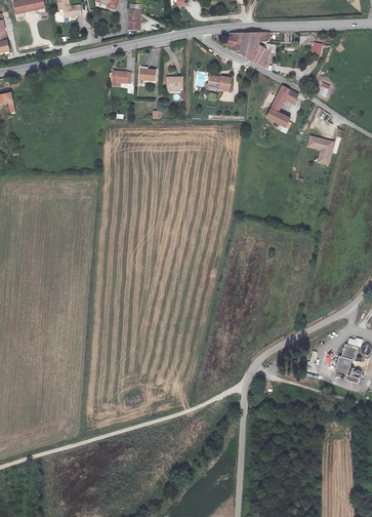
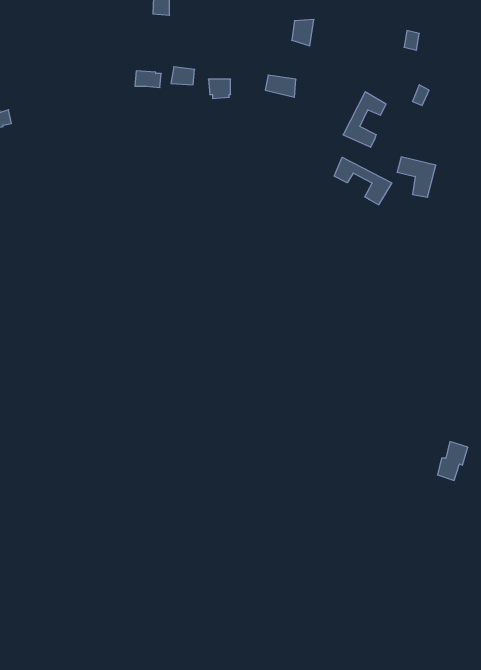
building: [242,33,272,63] -> none
building: none -> [334,157,392,205]

